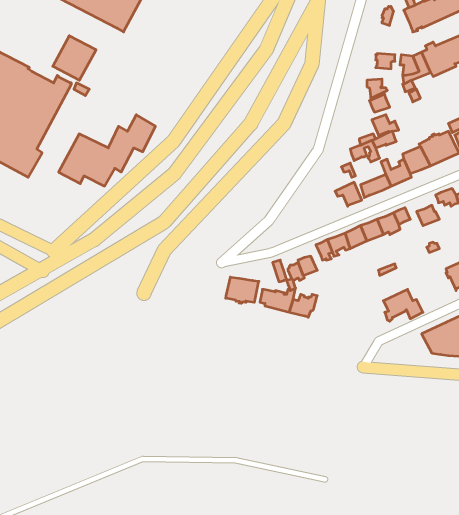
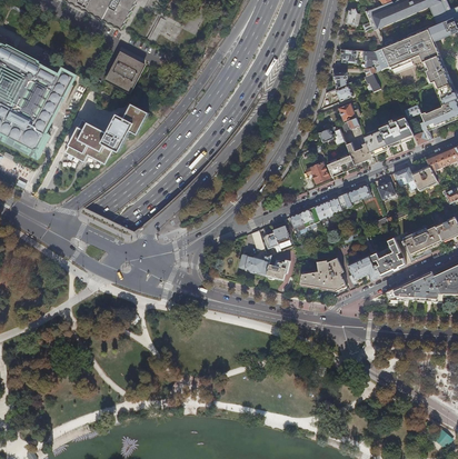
building: [53,36,96,80] -> [107,52,145,91]
building: none -> [361,233,406,275]
building: [226,277,259,303] -> none
building: none -> [300,257,347,289]

